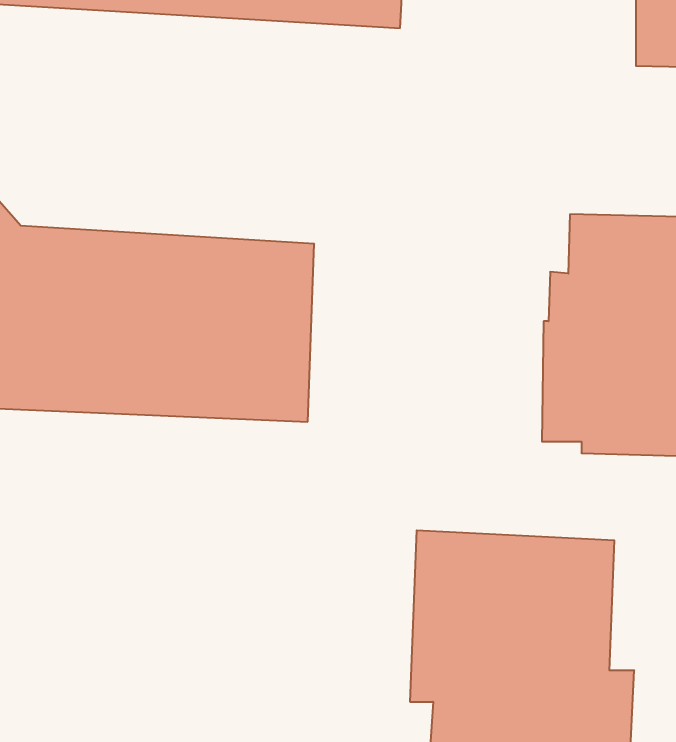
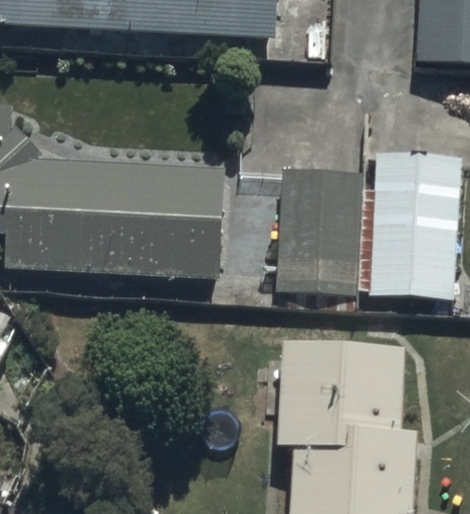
building: none -> [280,167,361,293]

